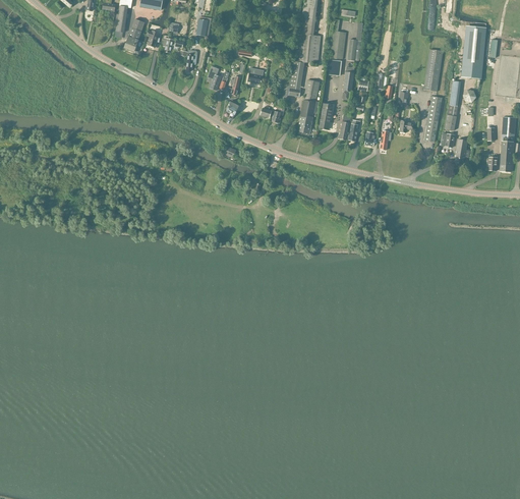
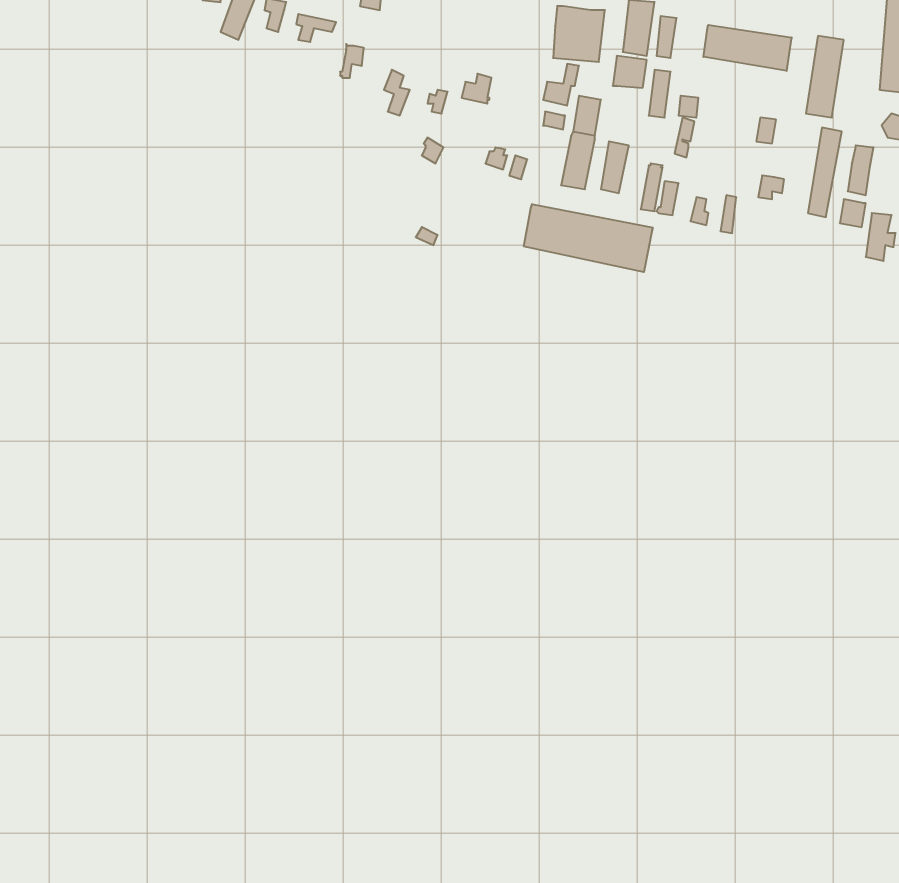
building: none -> [703,25,792,71]
building: none -> [524,204,653,272]

